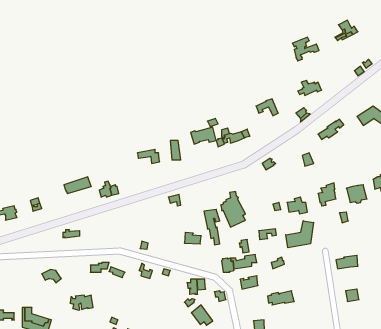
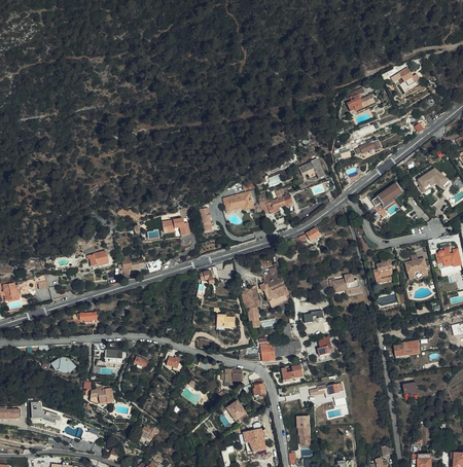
building: [286,221,314,248] -> none

